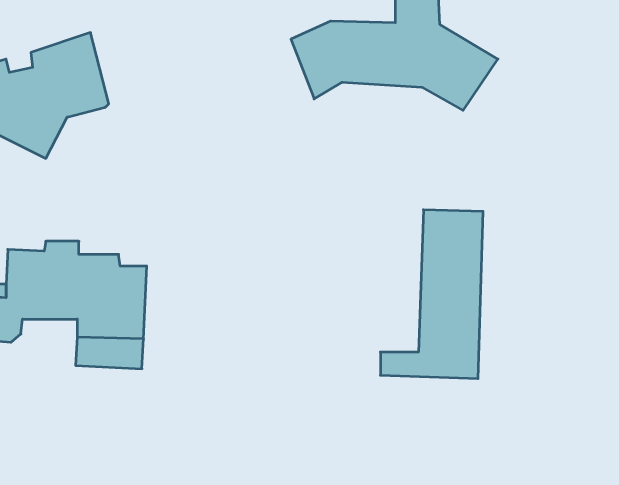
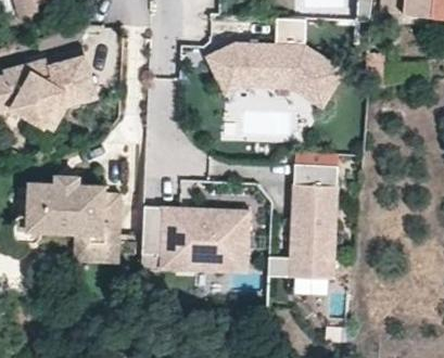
building: none -> [145,208,248,267]

